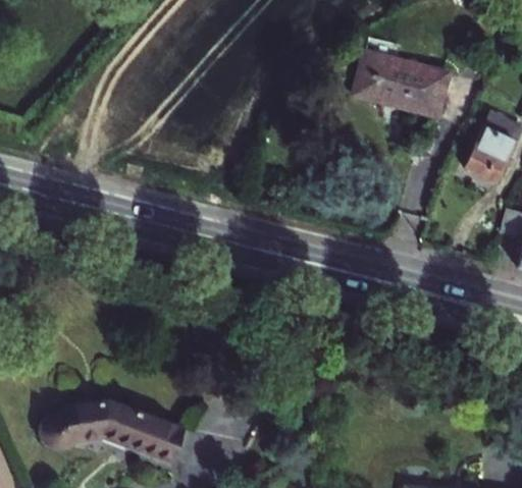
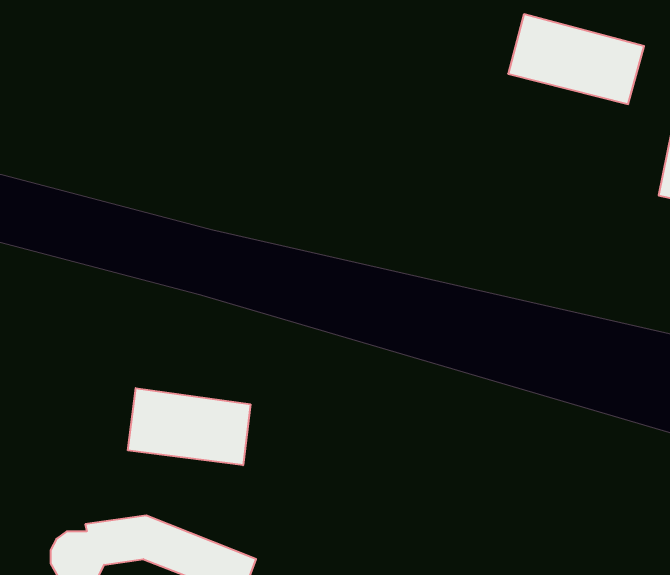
building: none -> [128,388,250,465]

